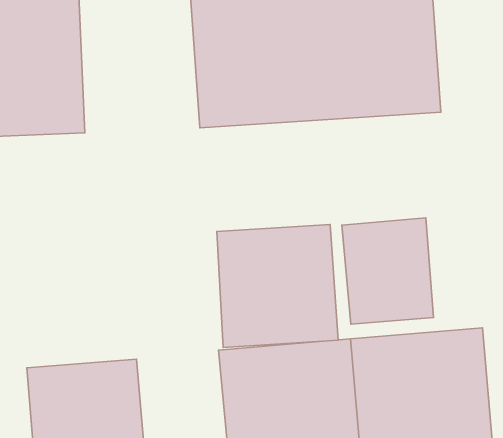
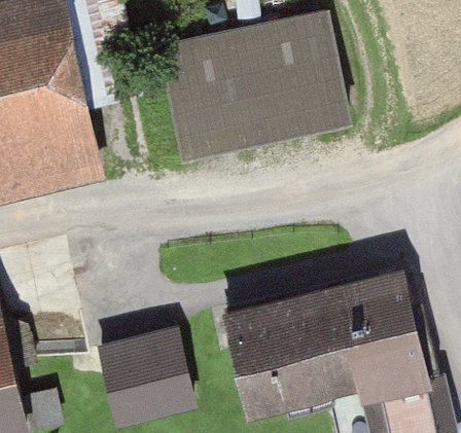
building: [342,218,433,324] -> none
building: [217,225,338,348] -> none

